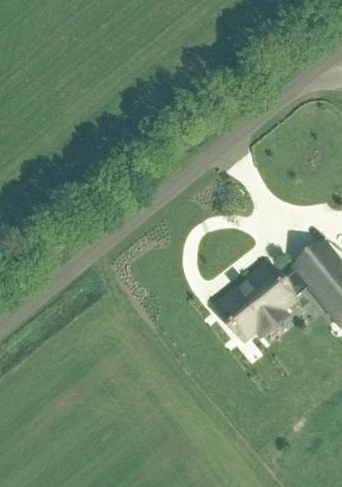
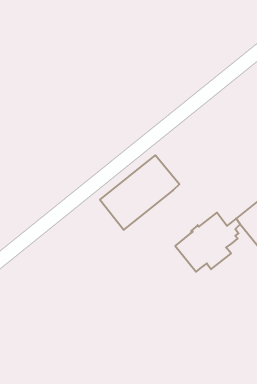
building: none -> [100,155,179,230]

